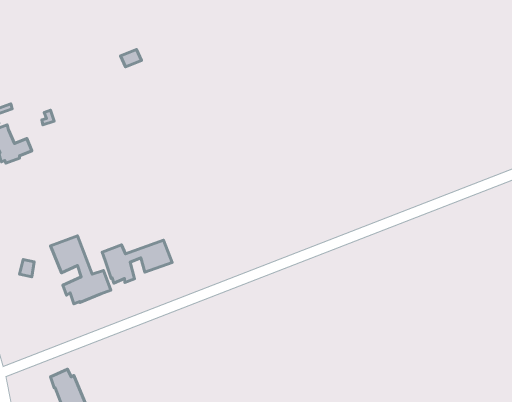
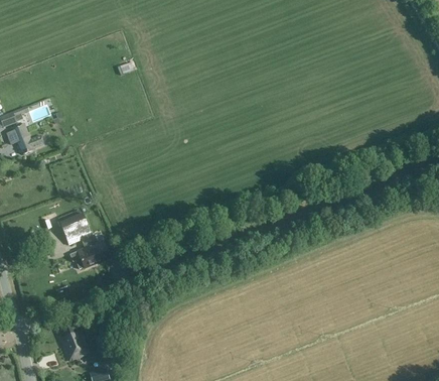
building: [102,240,172,283] -> none

